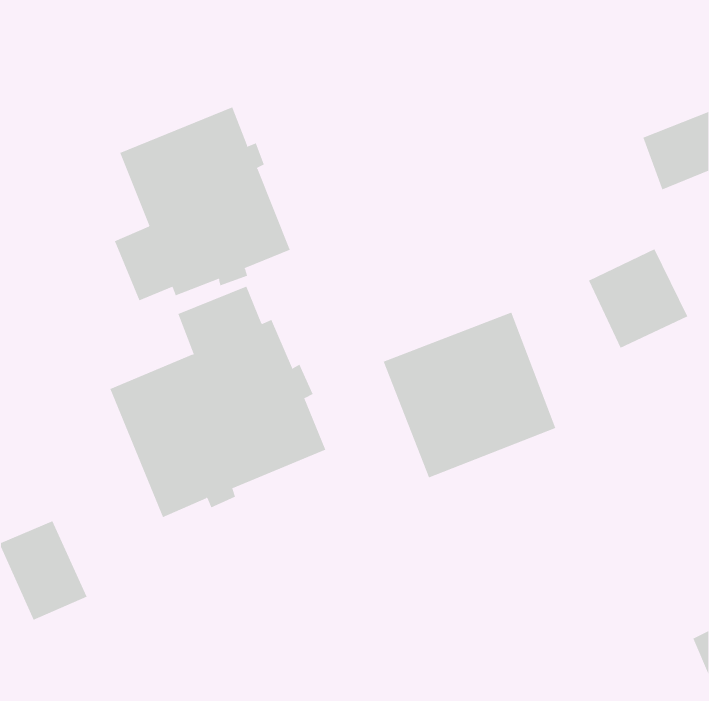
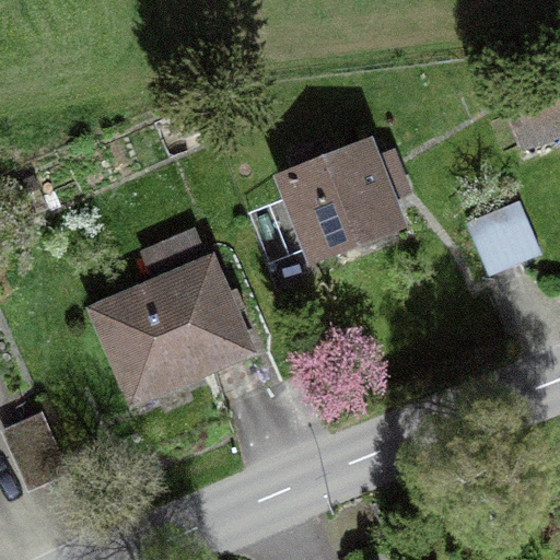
building: [114,106,290,301] -> none
building: [383,312,556,478] -> [271,138,408,269]

